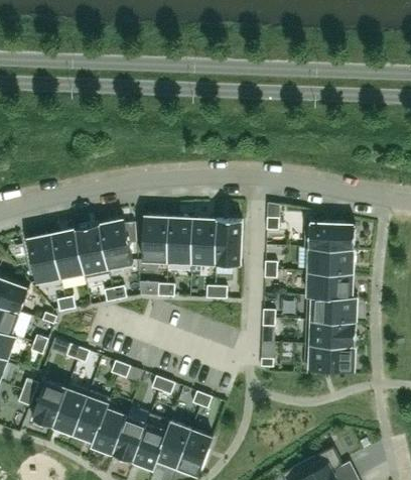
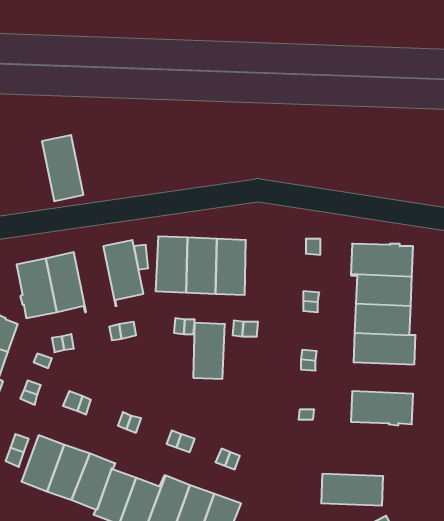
building: [216,219,242,265] -> [193,323,225,379]
building: [75,224,109,278] -> [42,135,83,201]
building: [304,320,356,346] -> [321,474,383,506]

